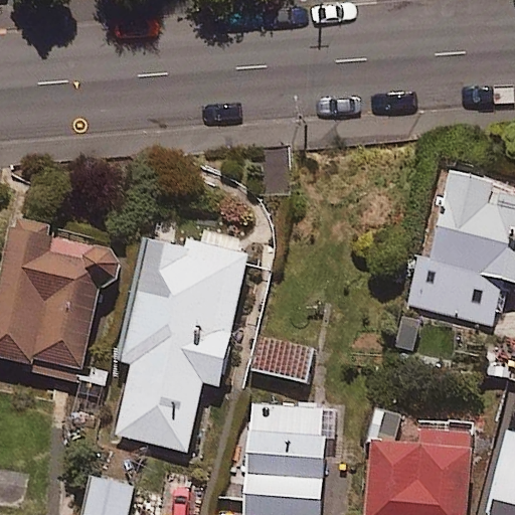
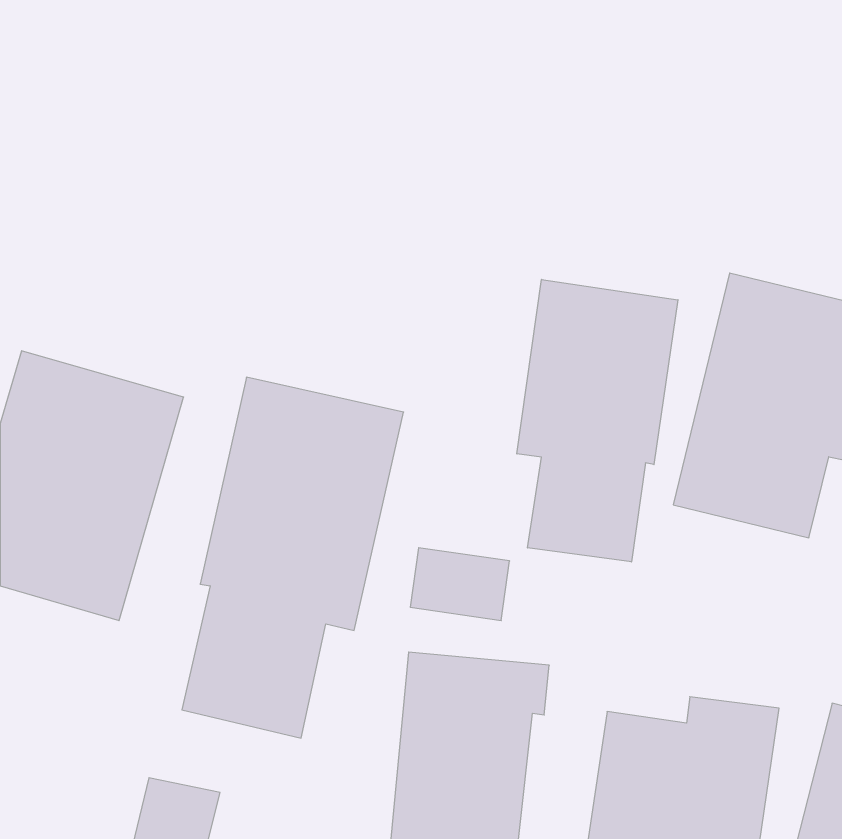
building: none -> [517,279,678,562]

